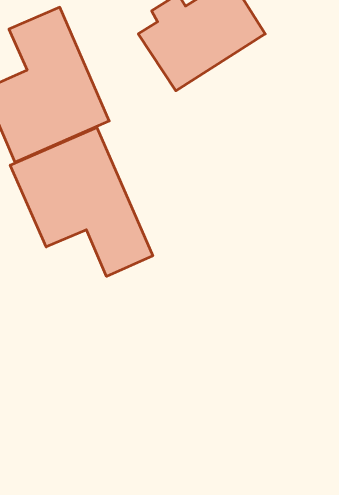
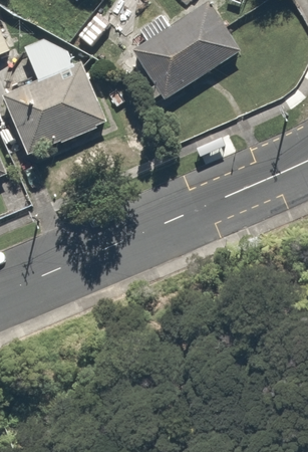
building: [10,127,153,276] -> none

